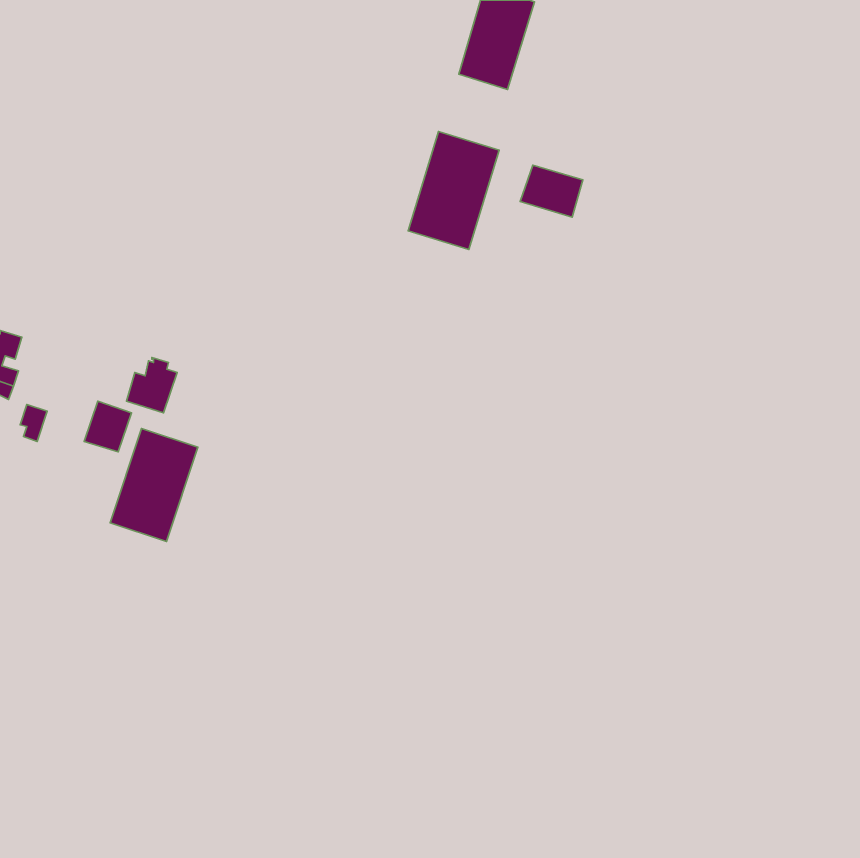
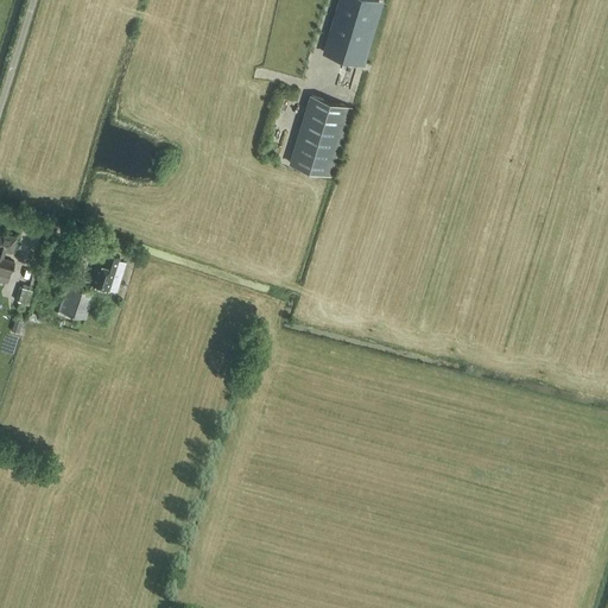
building: [520,165,583,217] -> none
building: [110,428,198,541] -> none

